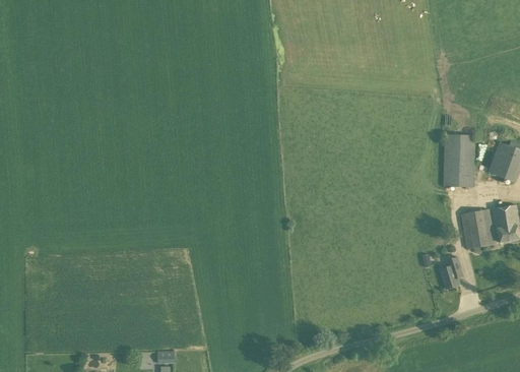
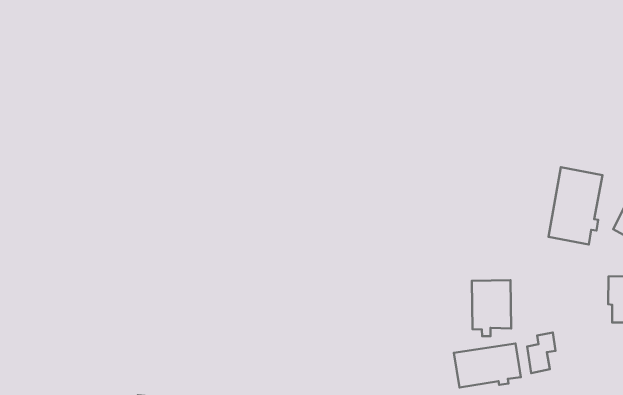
building: [460,208,495,253] -> [472,280,511,336]
building: none -> [454,344,521,388]

